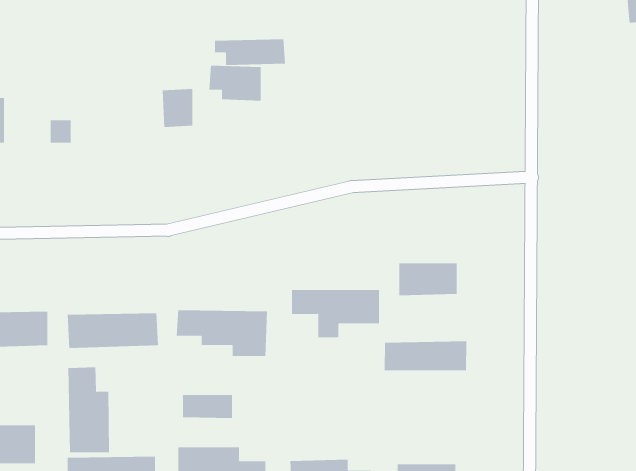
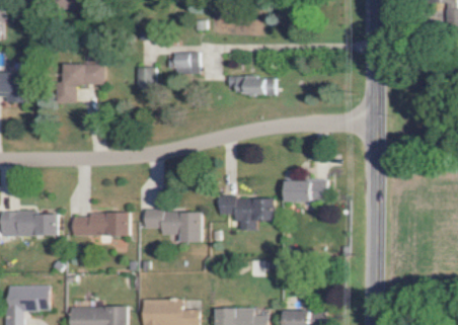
building: [214,39,286,65] -> [226,77,273,94]
building: none -> [64,63,101,85]
building: [384,341,467,371] -> none
building: [68,367,109,453] -> none
building: [183,394,232,419] -> none

